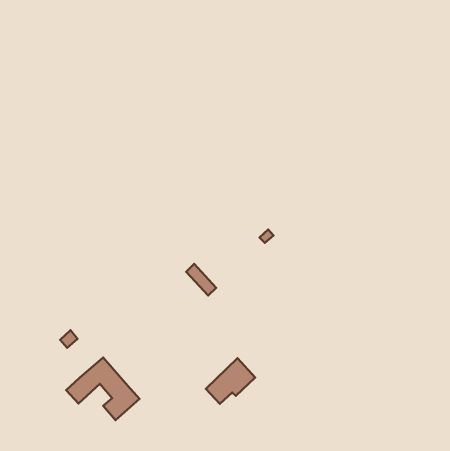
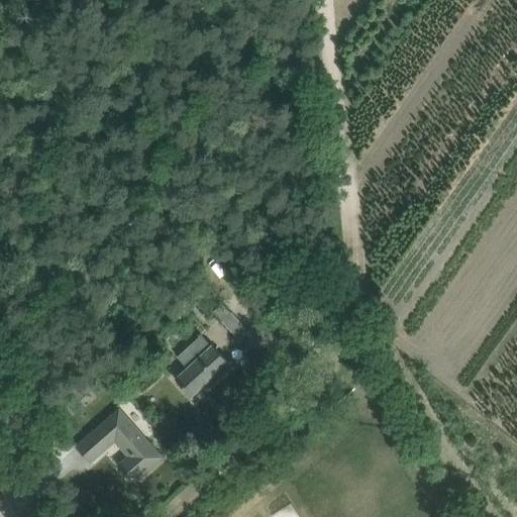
building: [206,358,255,404] -> [174,343,230,396]

